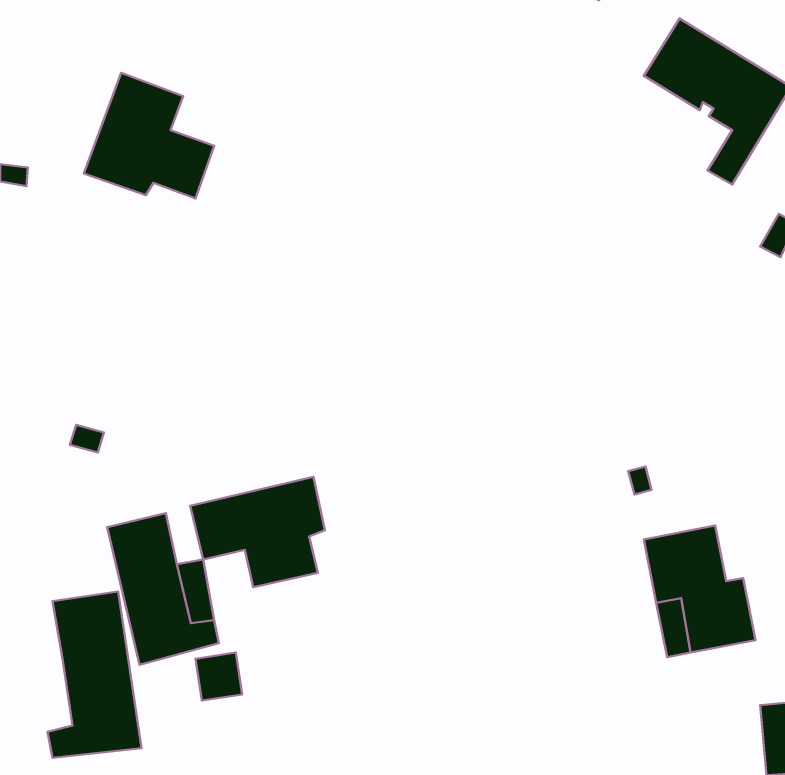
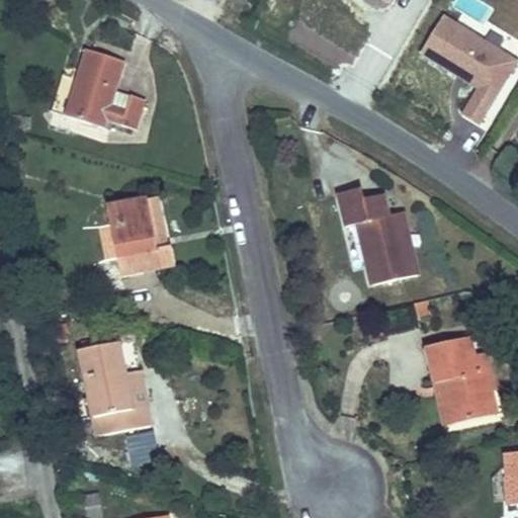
building: none -> [338,186,422,291]
building: none -> [98,187,169,271]
building: [190,477,325,587] -> none
building: [48,591,141,758] -> none

